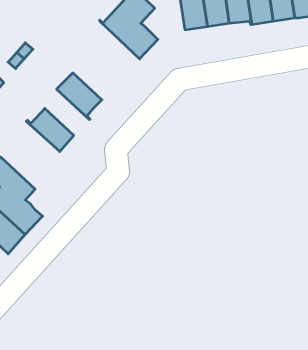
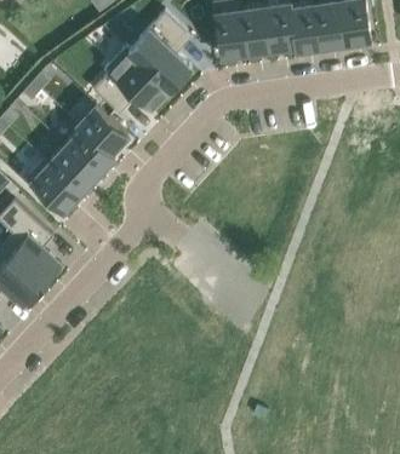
building: none -> [93,48,171,113]
building: none -> [64,125,114,177]
building: none -> [25,161,81,214]

